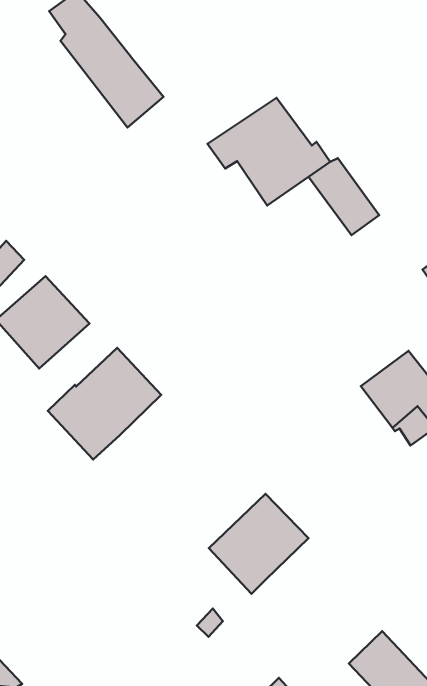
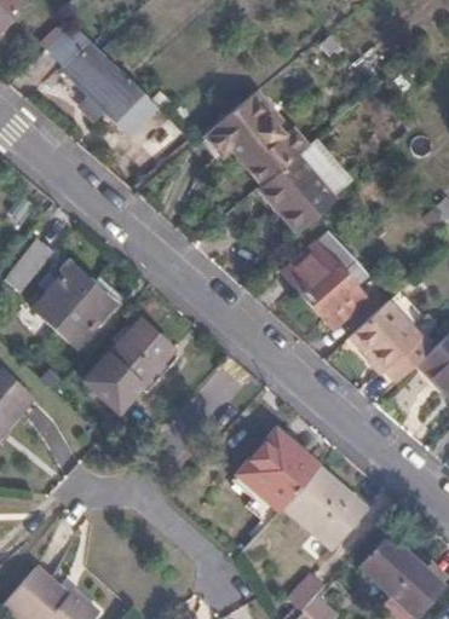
building: none -> [252,160,329,239]
building: none -> [281,227,364,325]
building: none -> [286,465,368,546]

